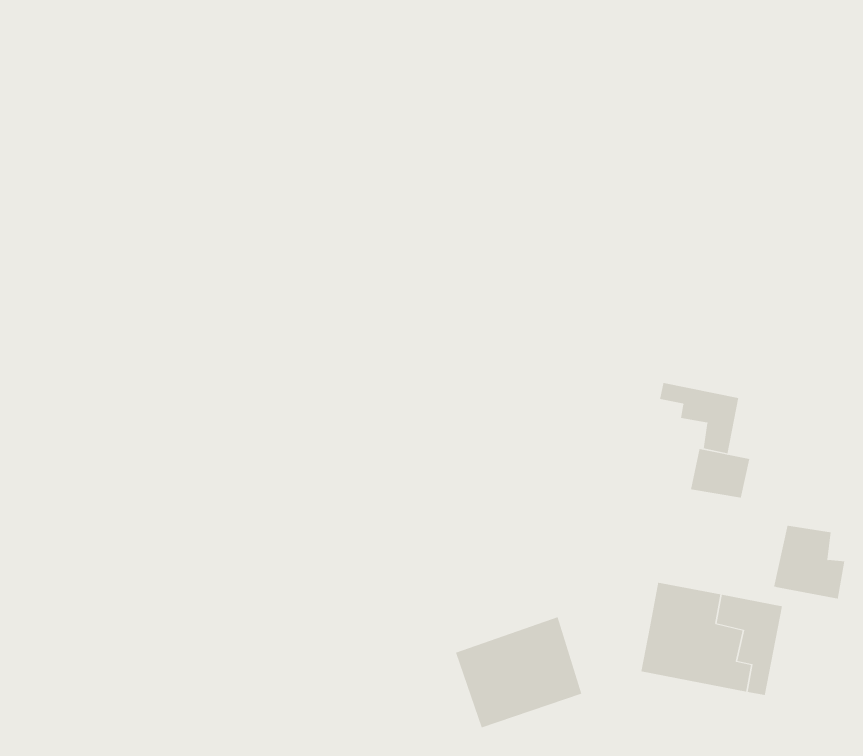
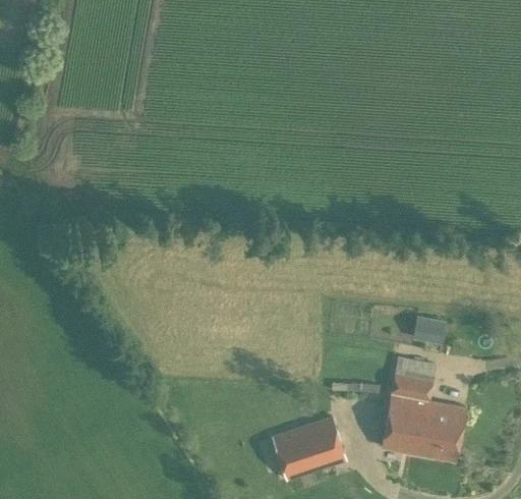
building: [660,382,739,454] -> none
building: [773,525,845,599] -> [390,357,432,401]

